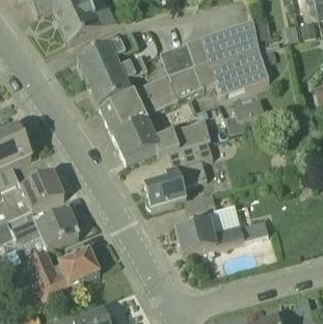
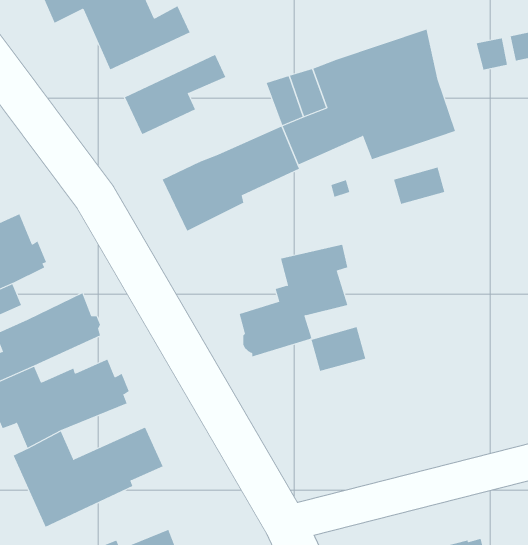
building: [88,55,147,106] -> none
building: [114,118,211,162] -> none
building: [177,218,269,255] -> none

